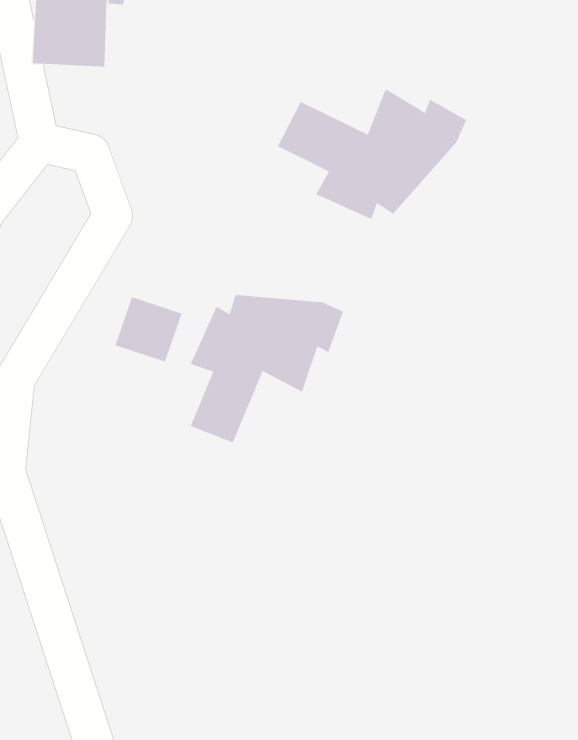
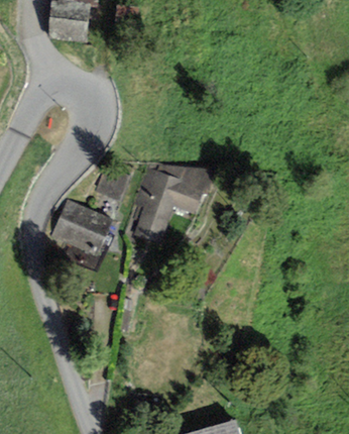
building: [277,88,467,220] -> none
building: none -> [51,200,112,254]

